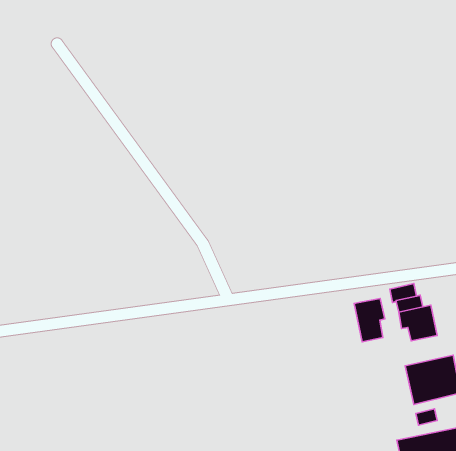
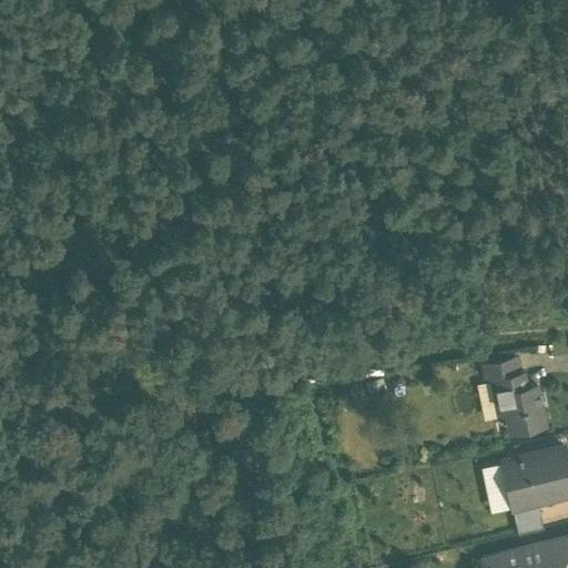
building: [354,299,385,342] -> none

